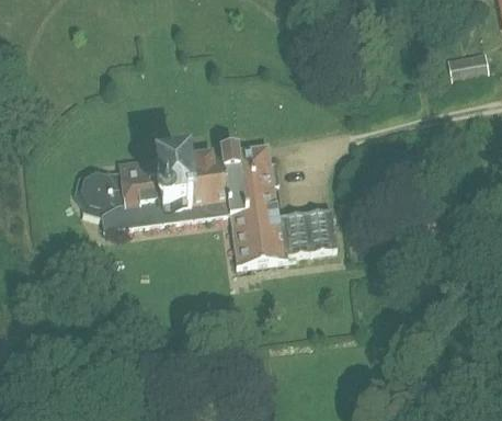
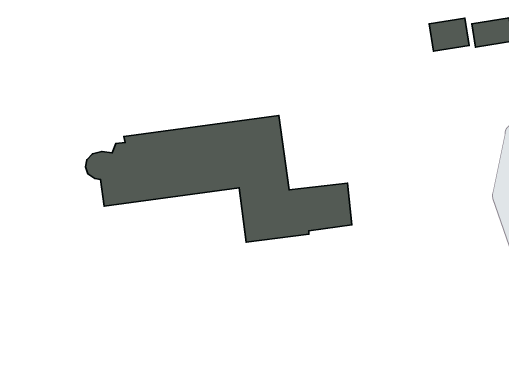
building: none -> [429,18,469,51]

